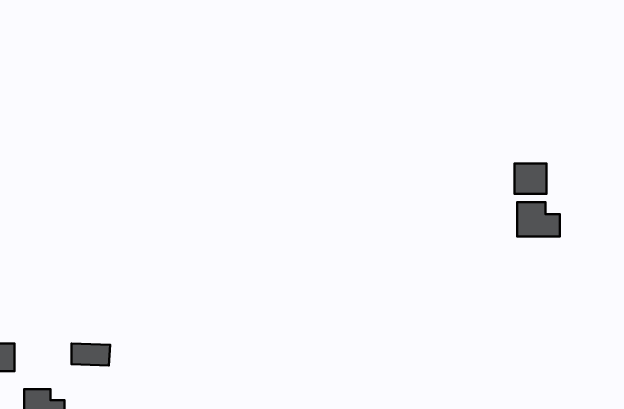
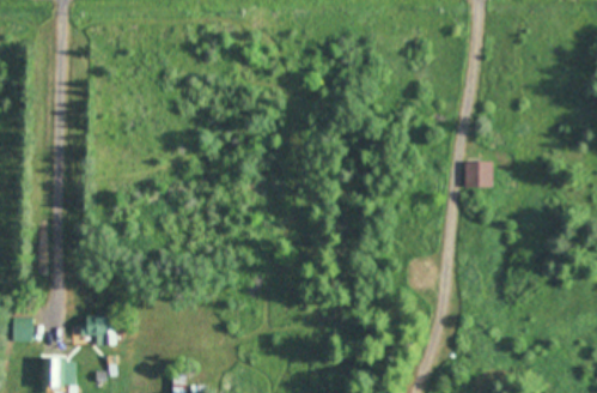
building: [517,202,560,236] -> none

